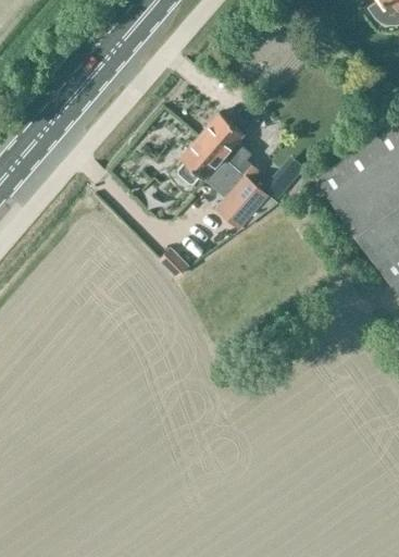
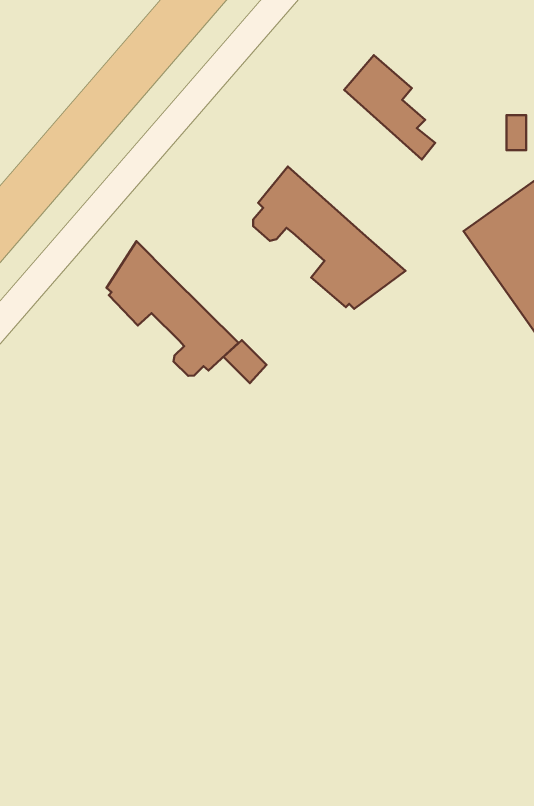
building: [200,112,260,181] -> [344,55,435,159]
building: none -> [107,241,238,376]

